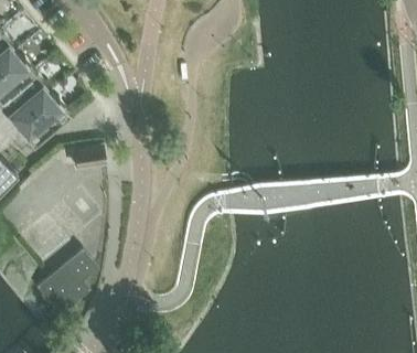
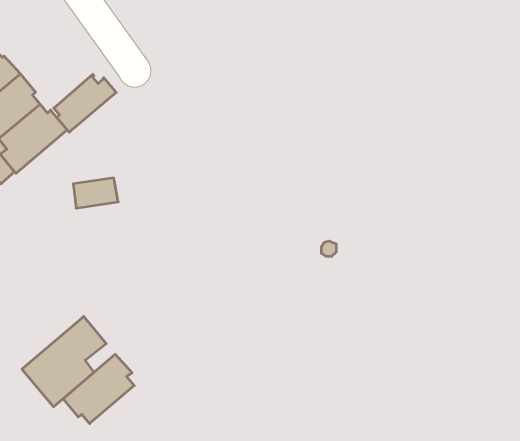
building: none -> [54,74,116,132]
building: none -> [63,354,134,424]

